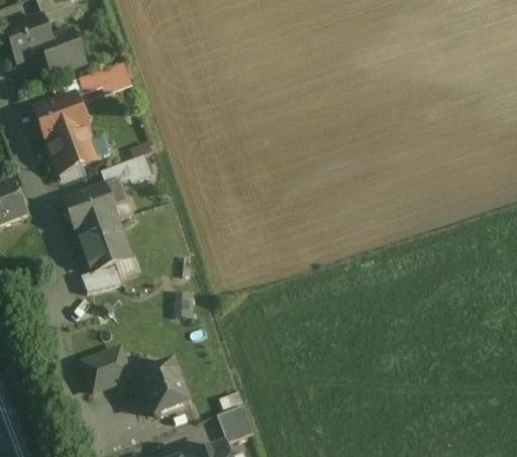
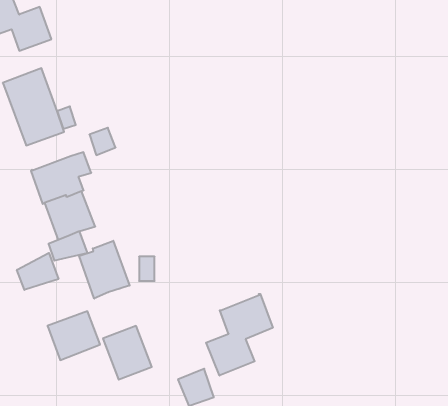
building: [78,68,117,92] -> none
building: none -> [79,241,130,299]
building: none -> [17,253,58,290]
building: none -> [206,294,273,376]

